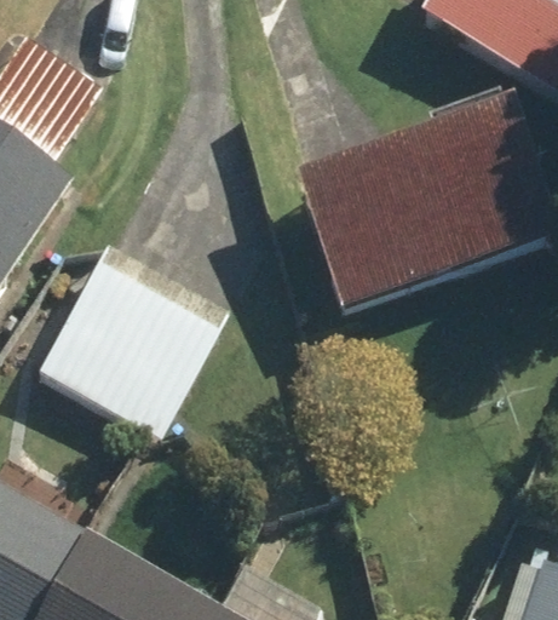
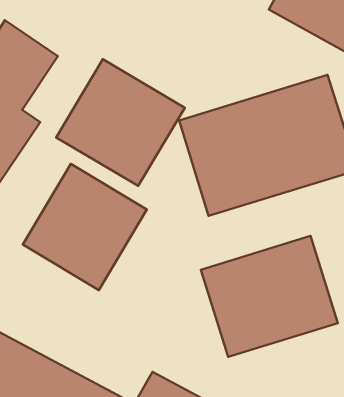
building: none -> [56,59,185,186]
building: none -> [201,236,338,357]

